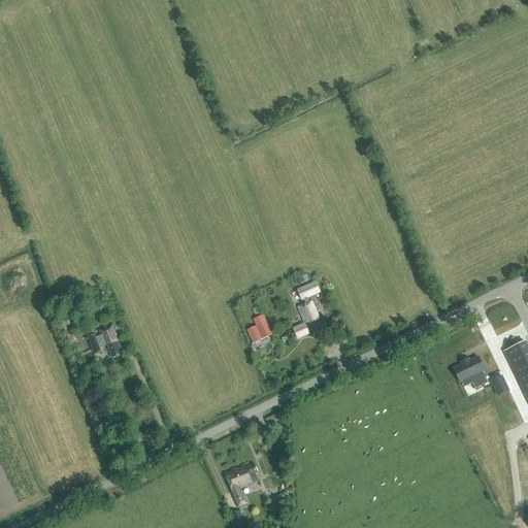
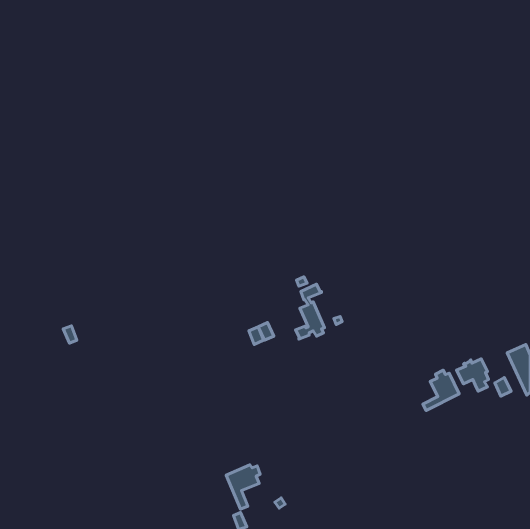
building: [88,325,123,358] -> none
building: none -> [423,370,459,410]

